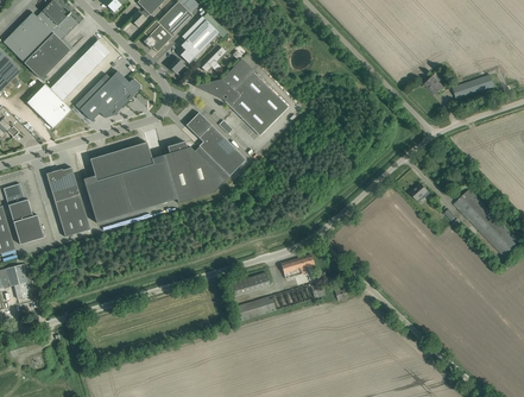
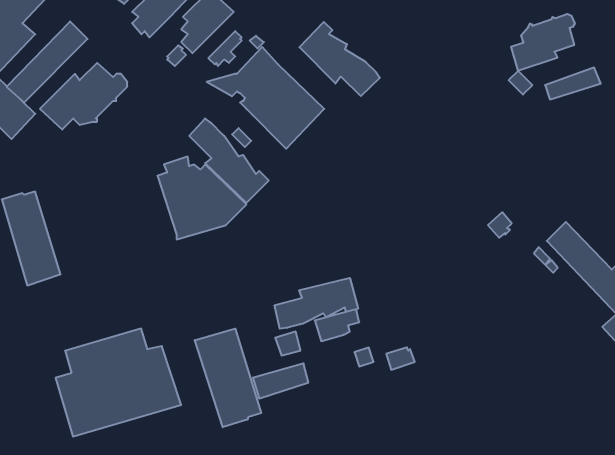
building: none -> [511,14,575,71]
building: none -> [299,22,380,96]
building: [83,141,177,222] -> [56,329,181,437]
building: none -> [275,278,358,329]
building: none -> [195,329,261,427]

